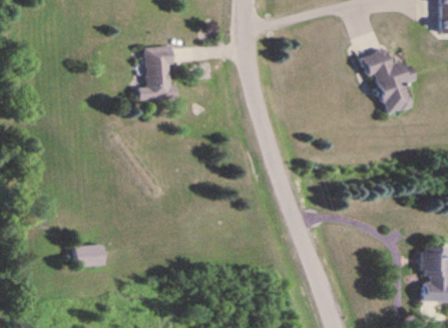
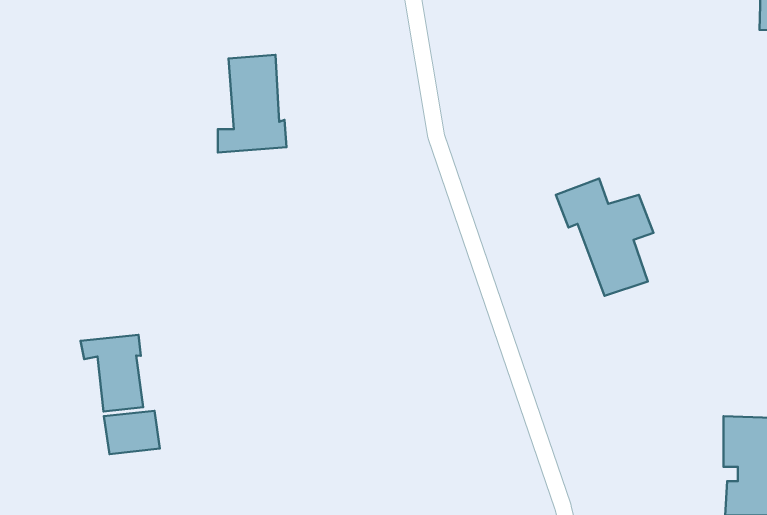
building: [360,49,414,114] -> [556,179,653,296]
building: none -> [81,335,143,411]

